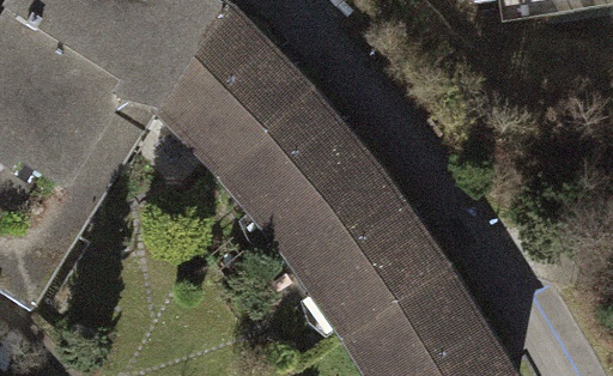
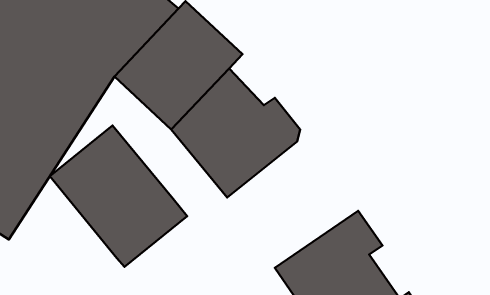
building: none -> [50,125,187,267]
building: [290,187,444,335] -> none

